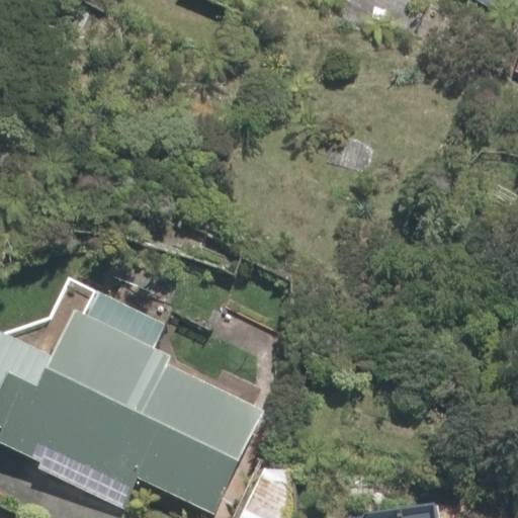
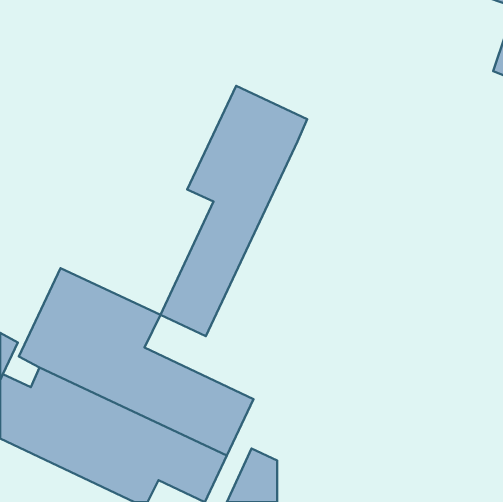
building: none -> [160,86,307,336]

